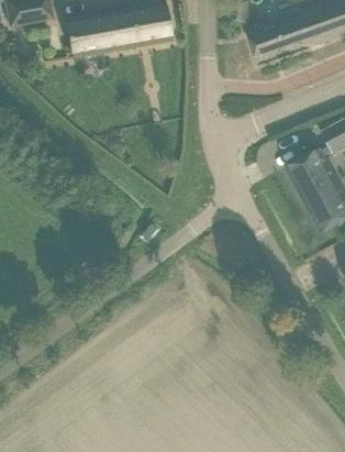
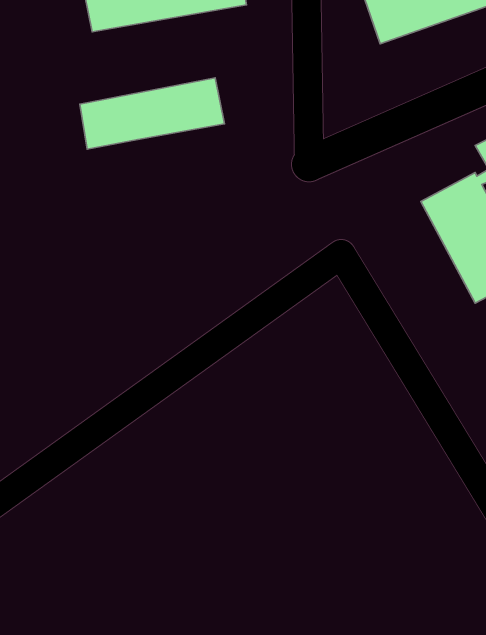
building: none -> [80,78,224,149]

